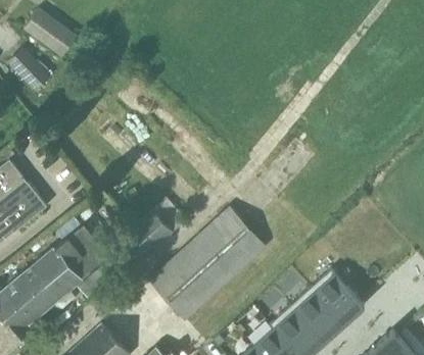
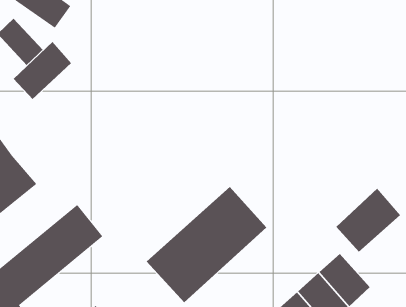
building: none -> [13,41,72,100]
building: [122,196,187,259] -> none
building: none -> [335,188,401,253]

